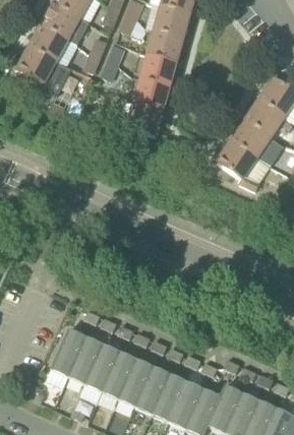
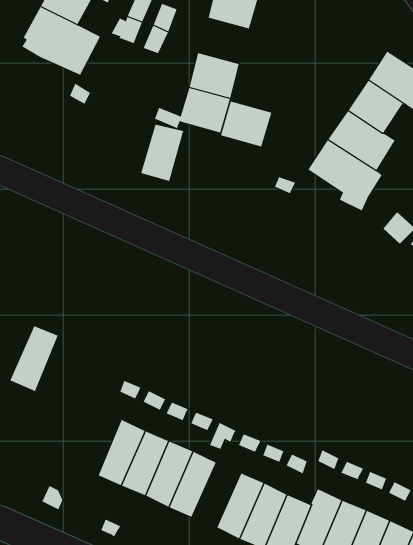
building: [139,54,176,86] -> [220,101,272,147]
building: none -> [140,124,184,182]
building: [51,329,85,376] -> [9,325,58,392]
building: [135,367,170,413] -> none

